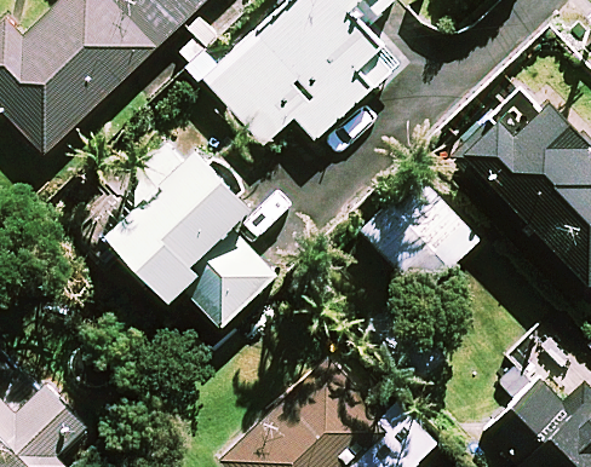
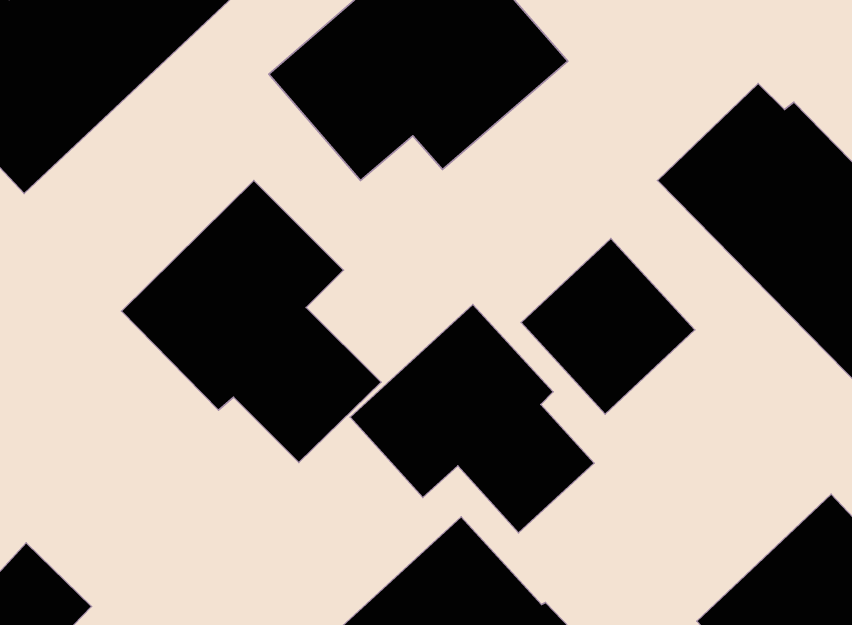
building: none -> [350,305,594,533]

